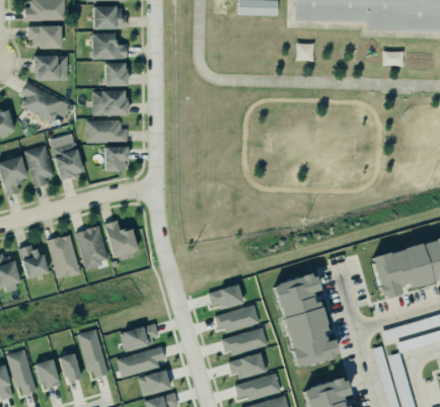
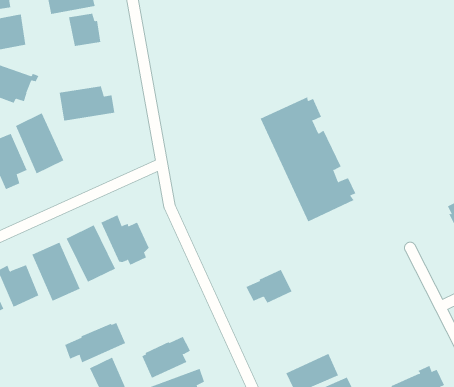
building: [92,90,129,117] -> none
building: [105,147,128,172] -> none
building: [271,269,336,365] -> [260,96,356,222]
building: none -> [64,322,126,363]
building: [215,306,261,333] -> none
building: [222,328,269,356] -> none

